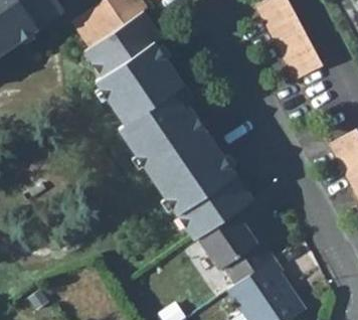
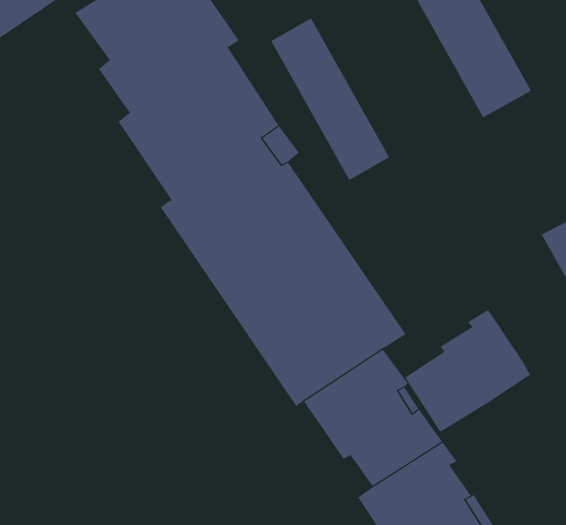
building: none -> [270,18,390,181]
building: none -> [405,309,531,432]

